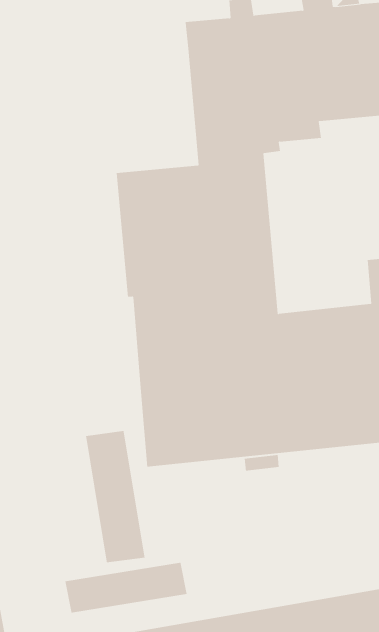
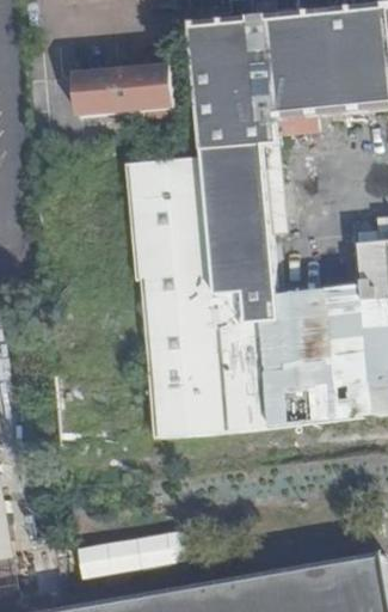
building: none -> [72,67,173,118]
building: [85,430,145,563] -> none

